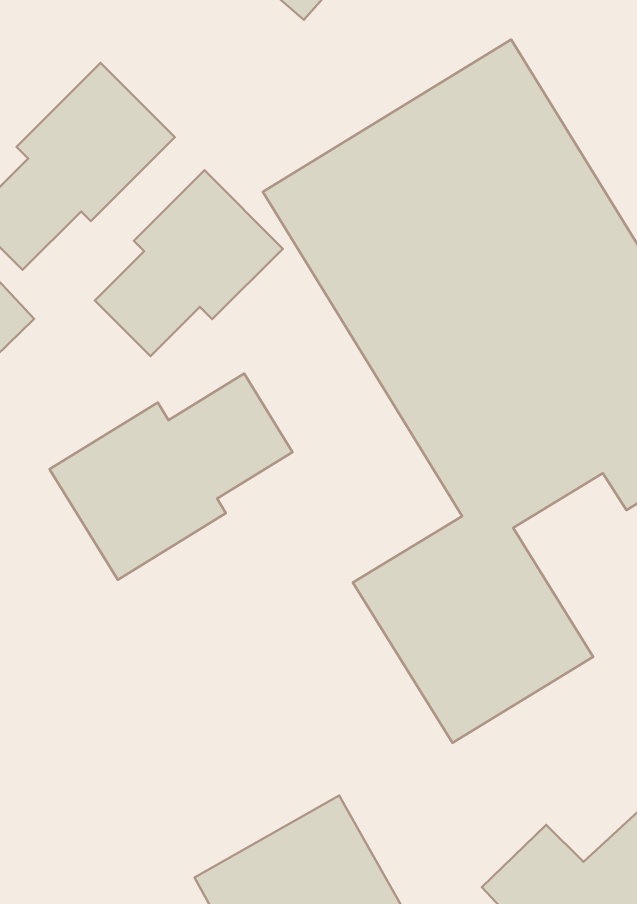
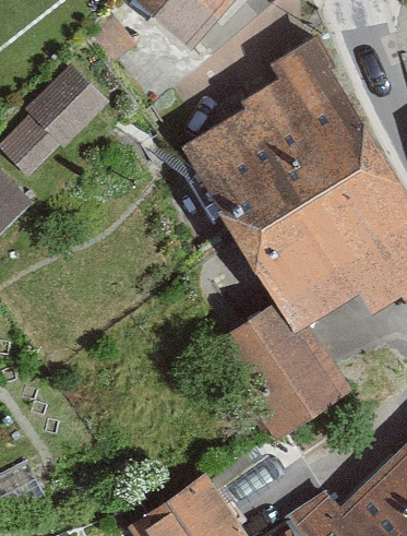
building: [95,170,283,356] -> none
building: [50,374,293,580] -> none

